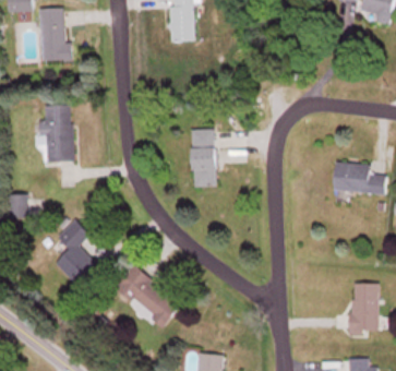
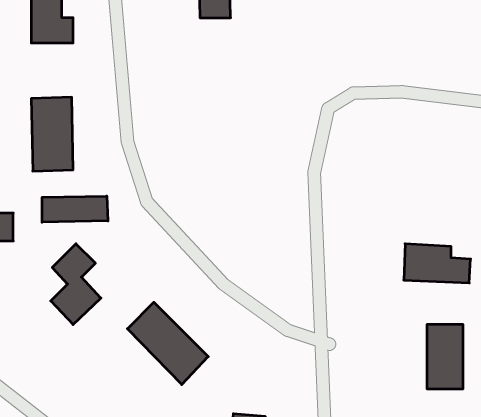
building: [192,129,216,187] -> none
building: [333,163,385,193] -> [404,244,471,283]
building: none -> [42,196,108,222]

